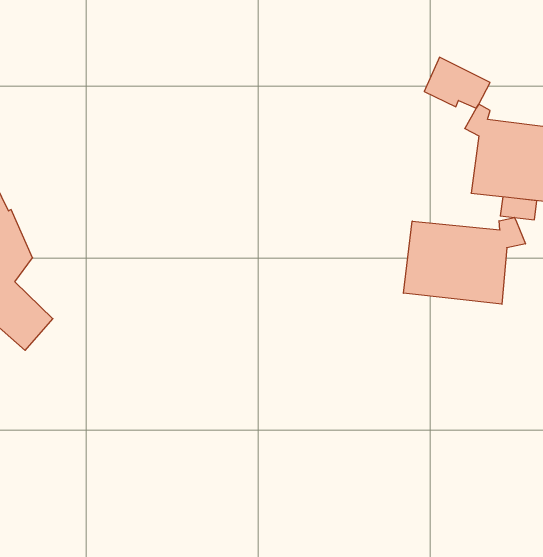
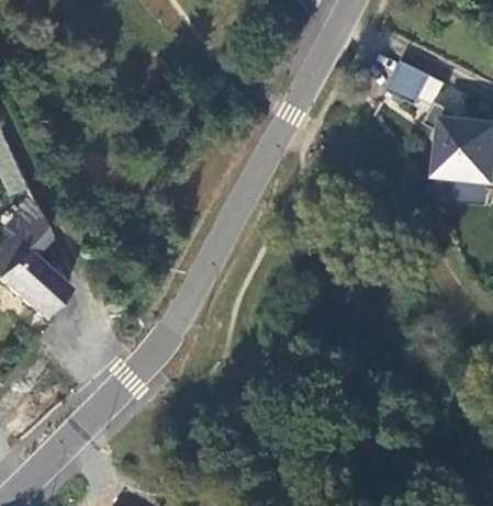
building: [403,217,525,304] -> none

